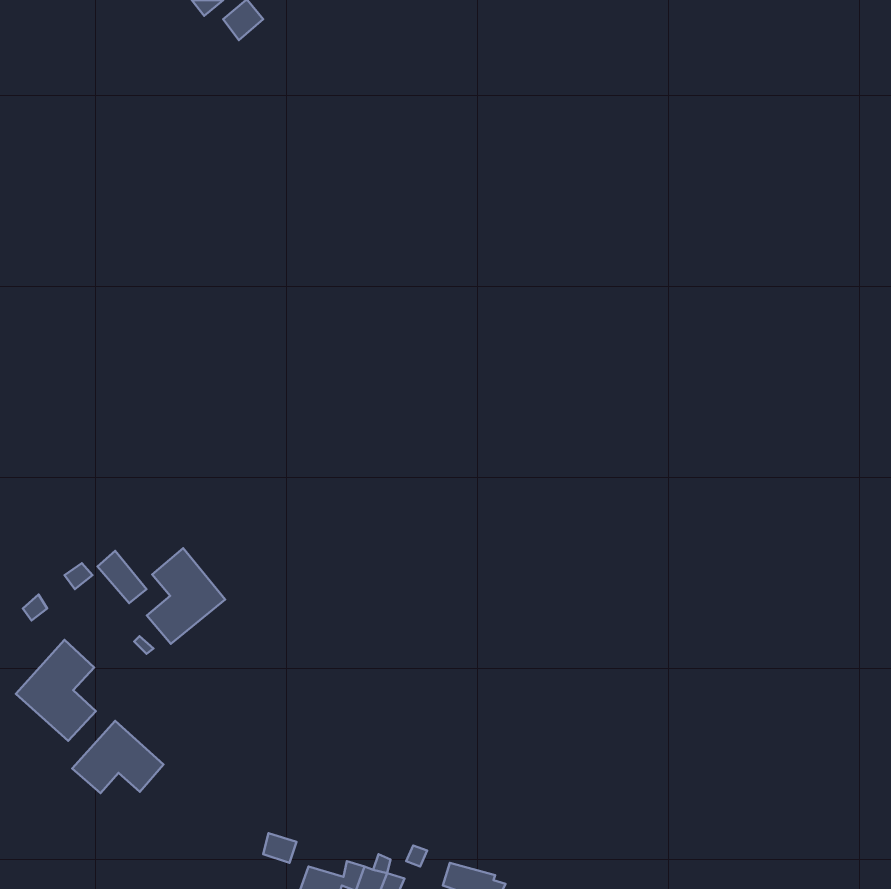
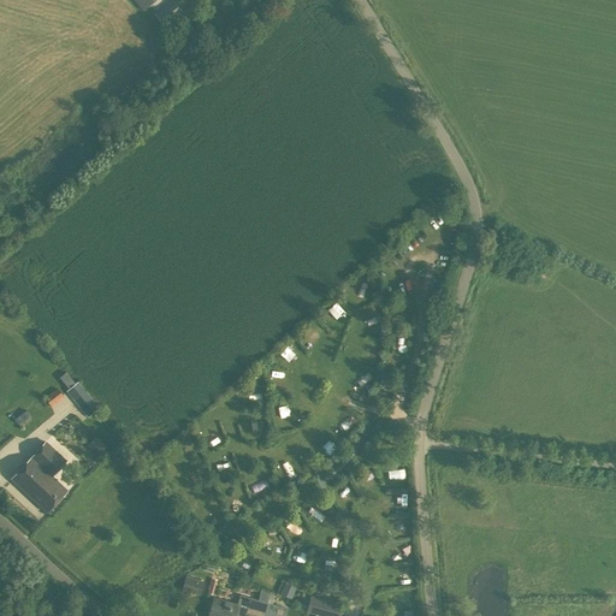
building: [147,548,225,644] -> none
building: [72,721,163,793] -> none

